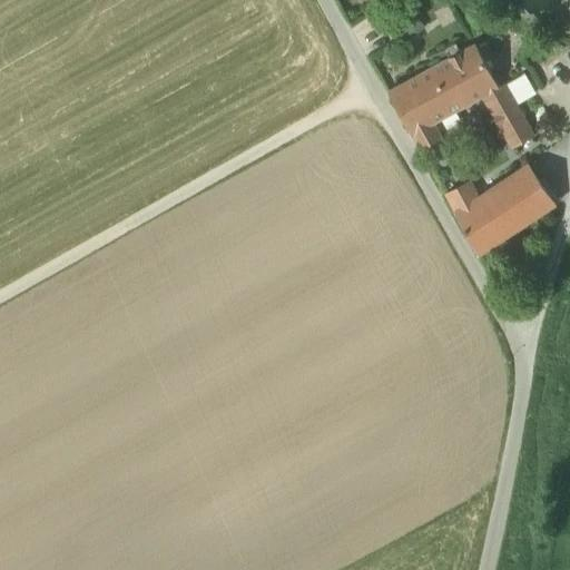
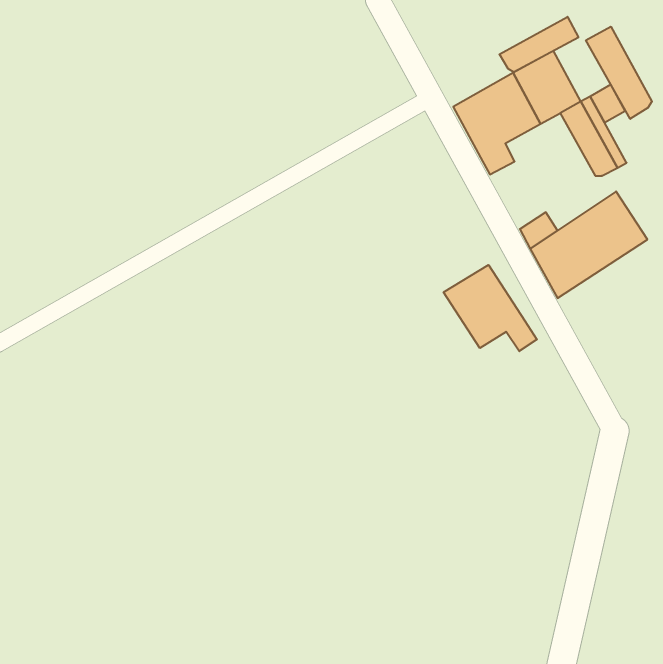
building: none -> [499,17,578,72]
building: none -> [586,27,652,119]
building: none -> [444,265,537,351]

